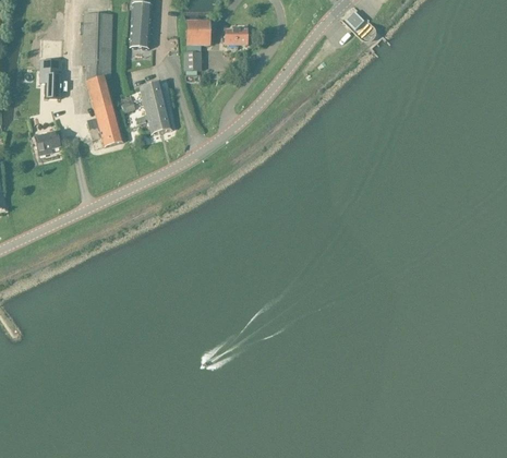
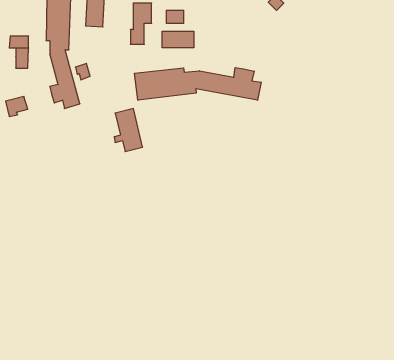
building: none -> [162,31,194,48]
building: [138,83,172,134] -> [114,109,143,152]
building: none -> [135,68,261,100]

